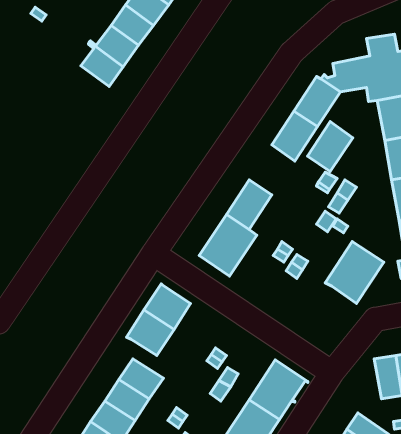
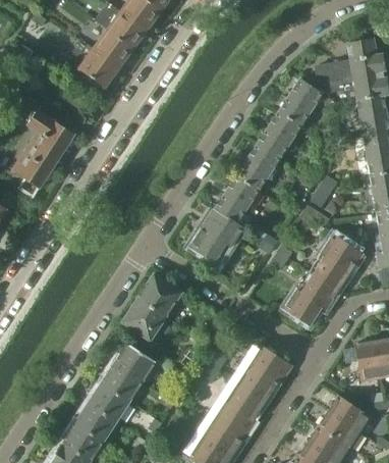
building: none -> [12,111,74,189]
building: [307,122,353,171] -> [236,143,279,190]
building: none -> [284,275,337,325]

